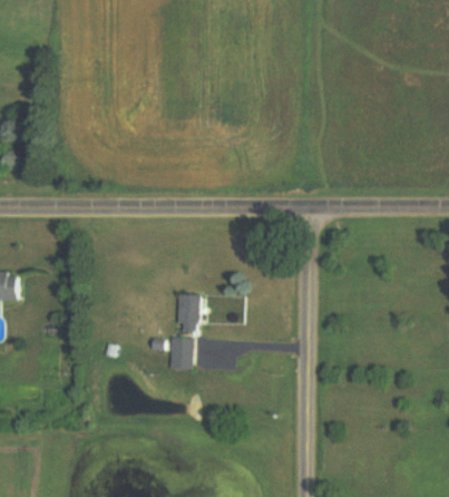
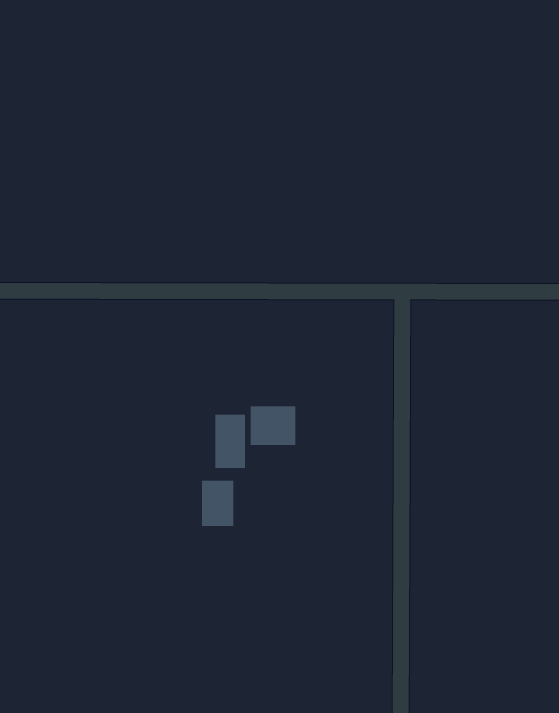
building: none -> [250,406,296,446]

